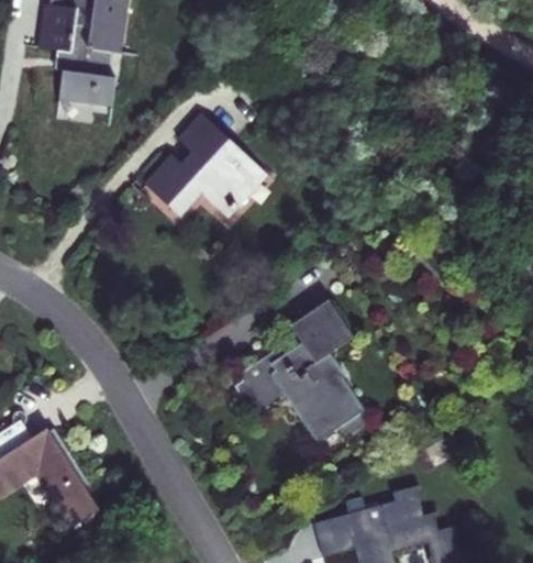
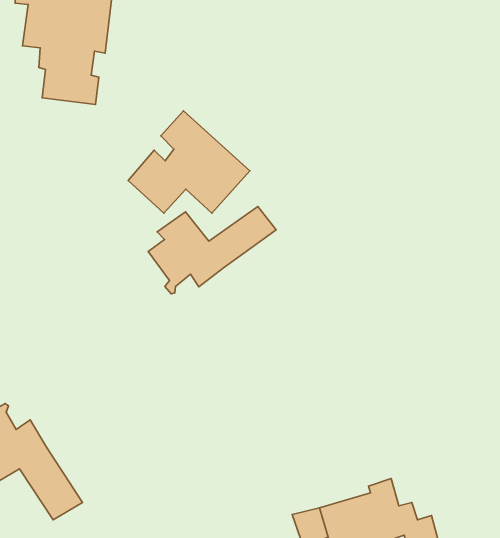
building: none -> [148,206,276,294]
building: [233,300,368,442] -> none

